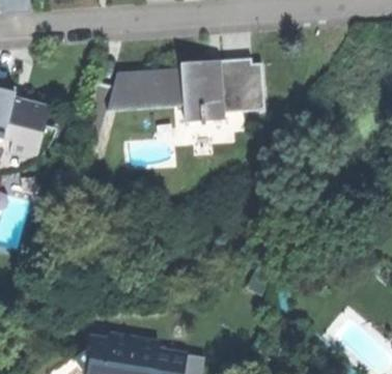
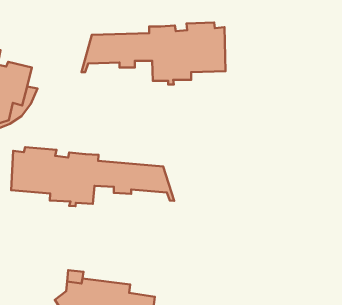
building: none -> [11,147,174,206]

